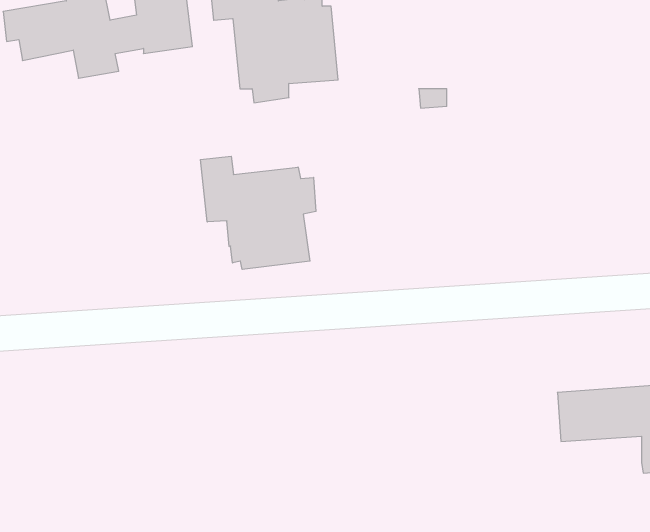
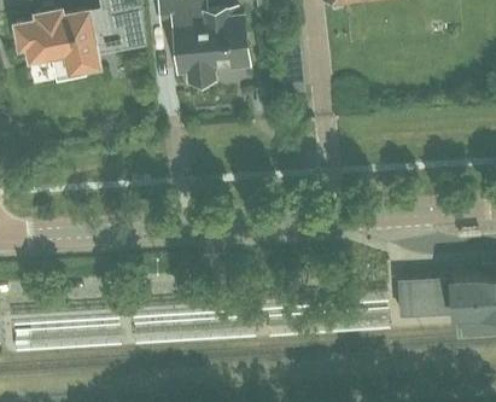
building: [200,156,316,269] -> none

